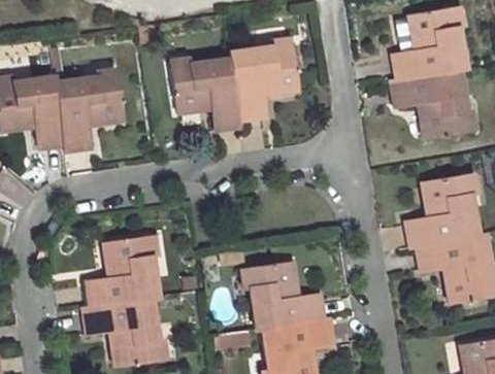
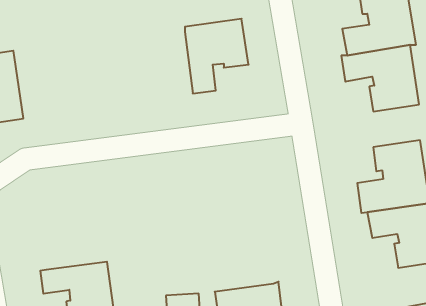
building: [171,58,241,131] -> none
building: [56,76,124,154] -> none
building: [85,233,156,304] -> none
building: [246,261,324,328] -> none

